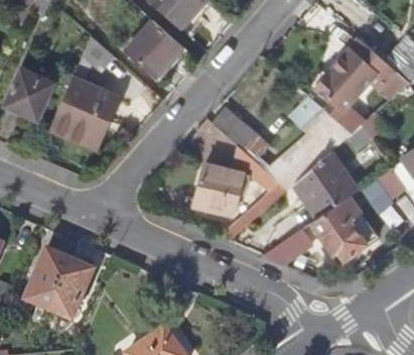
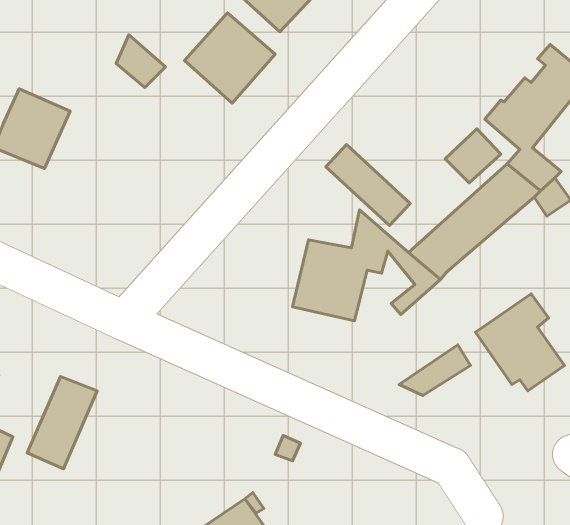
building: [50,78,118,144] -> none
building: [292,154,353,219] -> none
building: [49,260,93,320] -> none

